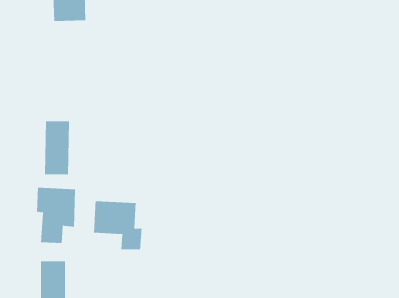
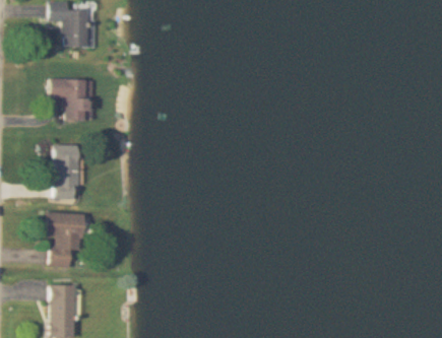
building: none -> [51,77,89,120]
building: [94,201,142,250] -> none

